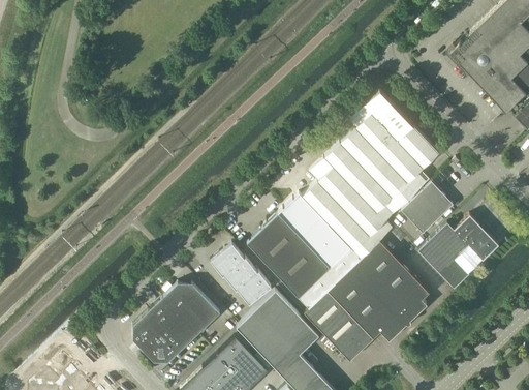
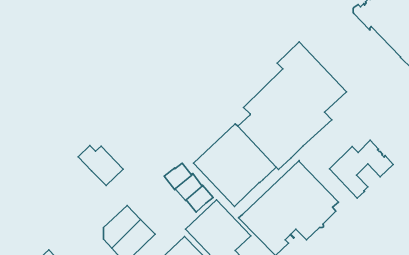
building: [401,183,454,235] -> none
building: [299,222,393,309] -> none
building: [163,283,220,334] -> [78,145,123,186]

